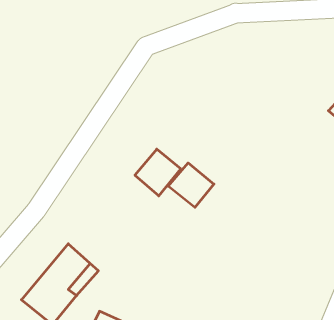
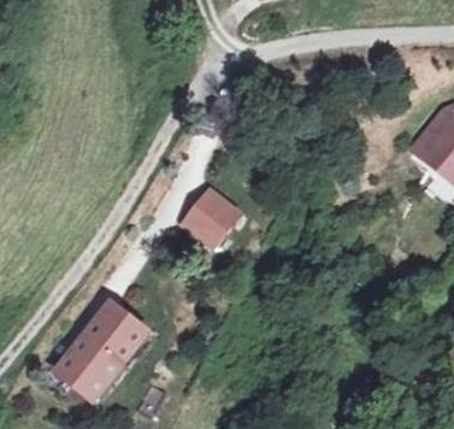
building: [168,163,214,207] -> none

